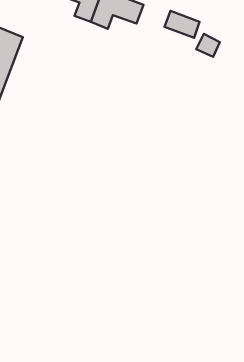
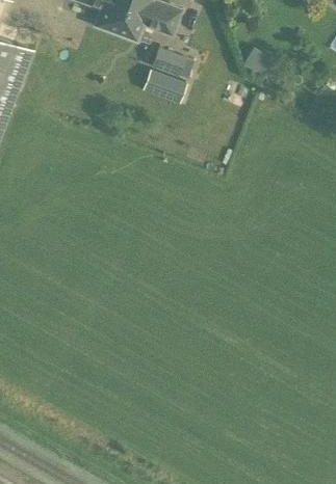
building: [165,11,199,38] -> [151,46,193,79]
building: none -> [144,71,184,102]

